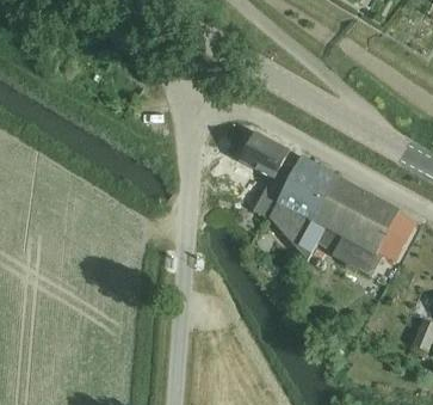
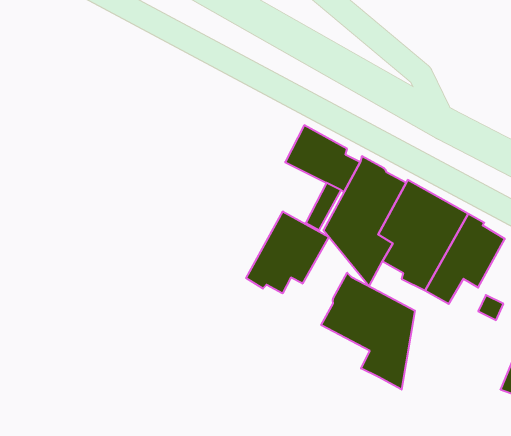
building: none -> [246,211,329,293]
building: none -> [321,273,415,390]

